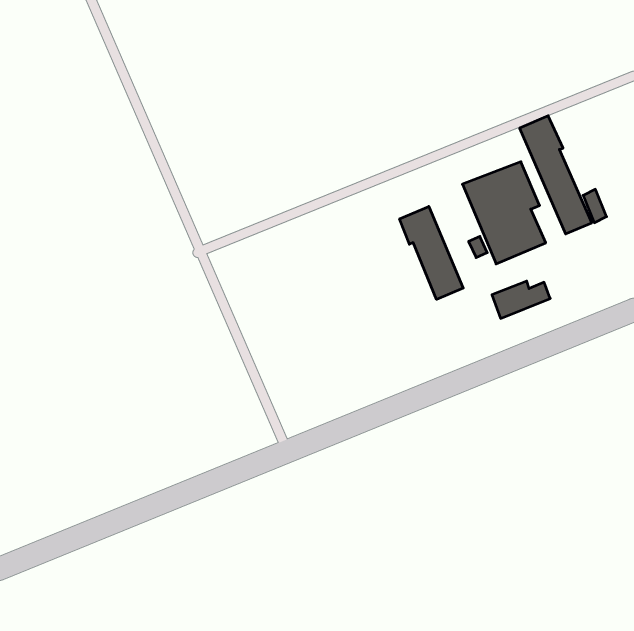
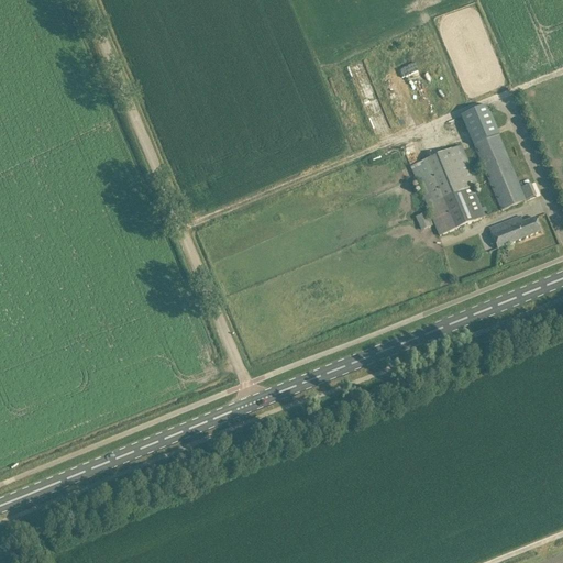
building: [400,206,463,299] -> none
building: [492,281,550,318] -> [488,213,540,246]

